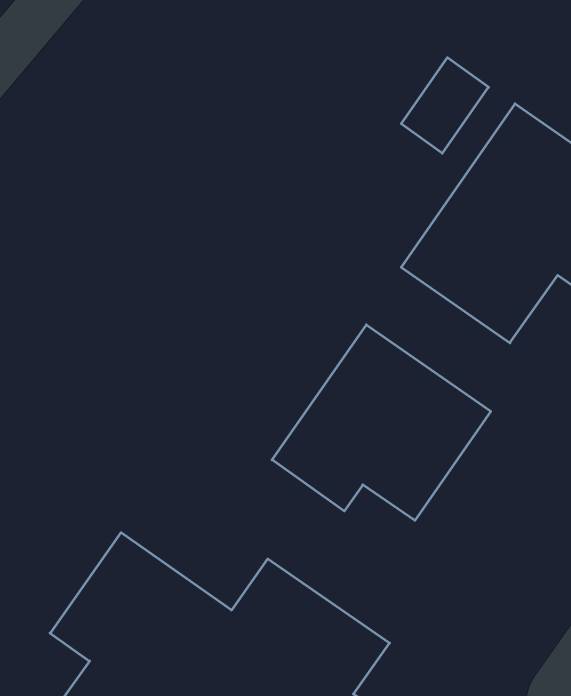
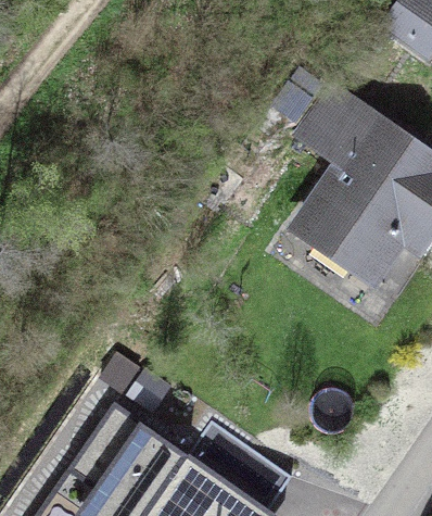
building: [272,325,491,520] -> none

